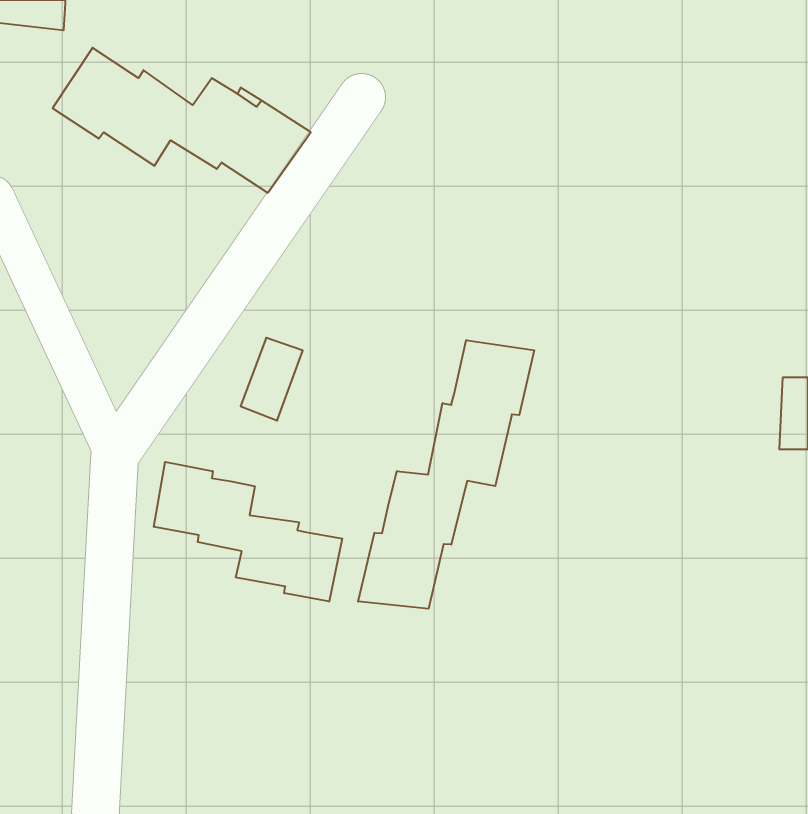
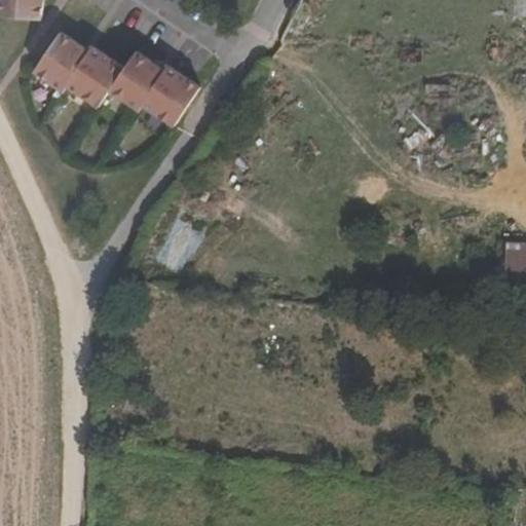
building: [358,340,534,609] -> none
building: [154,462,342,602] -> none

